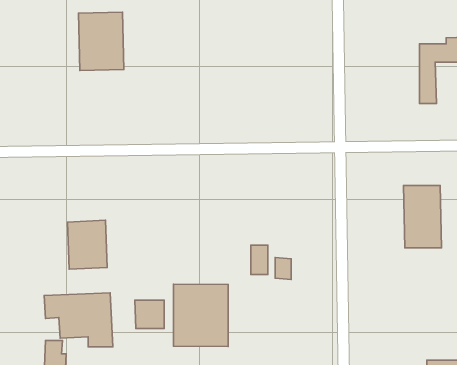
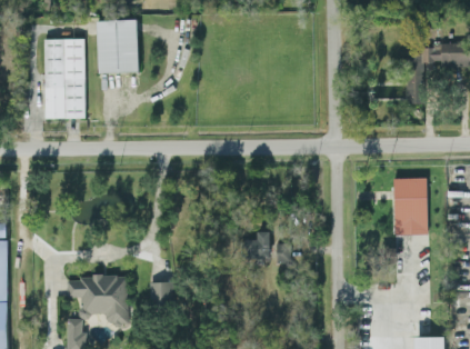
building: none -> [44,39,86,119]
building: [68,220,107,269] -> none
building: [174,284,228,347] -> none

